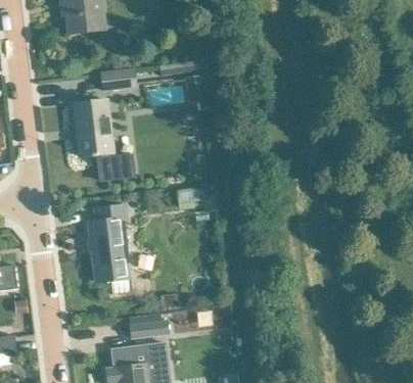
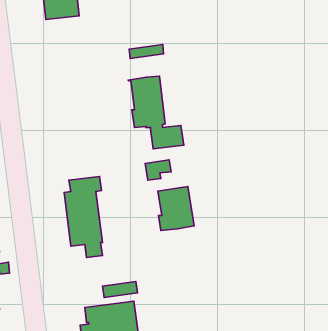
building: [101,68,135,89] -> none
building: [72,99,133,179] -> [128,76,184,149]
building: none -> [158,187,194,231]

